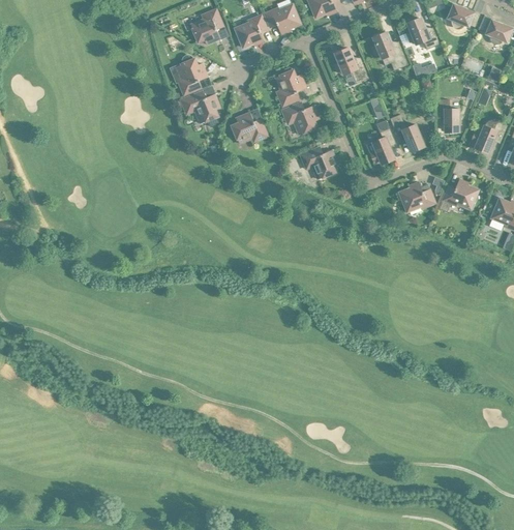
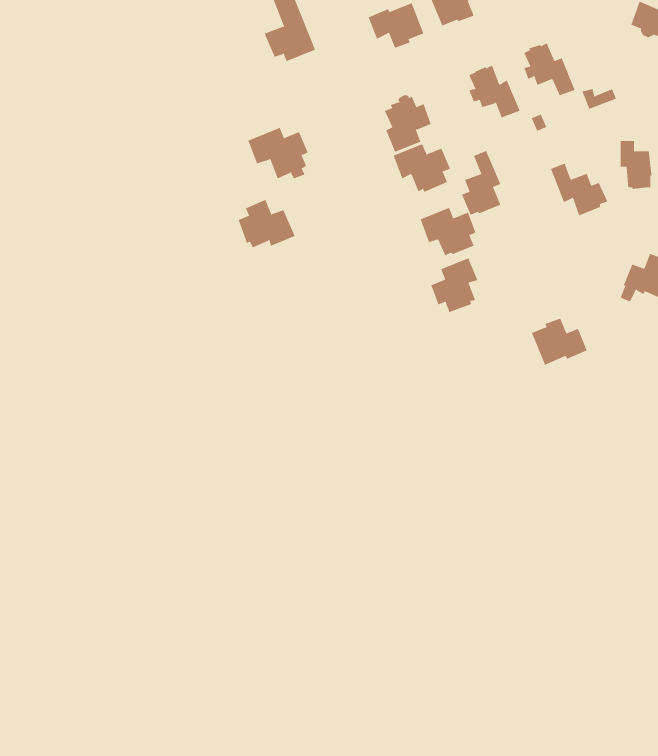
building: [232,12,267,49] -> none
building: [404,16,439,49] -> none
building: [174,55,207,95] -> none
building: [229,110,269,144] -> [238,199,296,248]
building: [367,119,395,165] -> [461,150,501,215]
building: none -> [431,258,478,313]
building: [396,180,435,213] -> [531,318,587,365]

